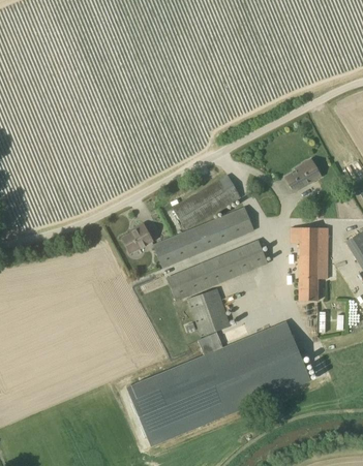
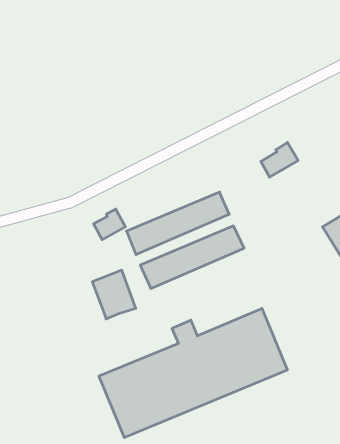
building: [174,175,240,228] -> none
building: [293,229,327,301] -> none
building: [188,288,231,336] -> [92,270,136,319]

